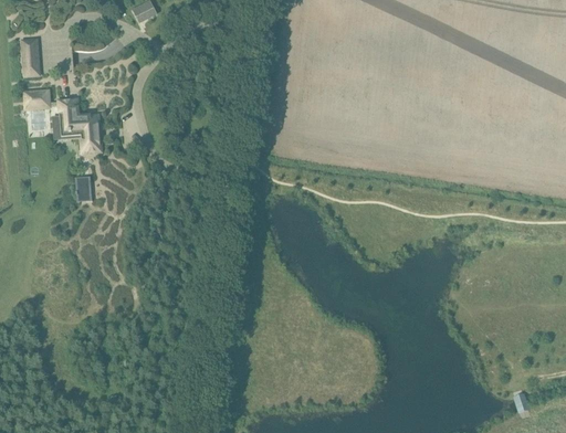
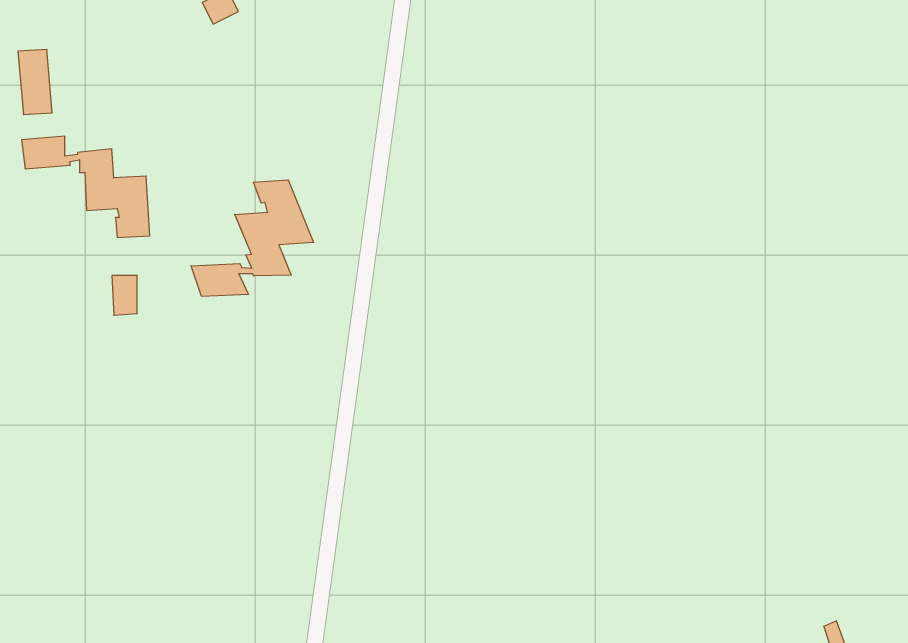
building: none -> [191,180,314,296]

